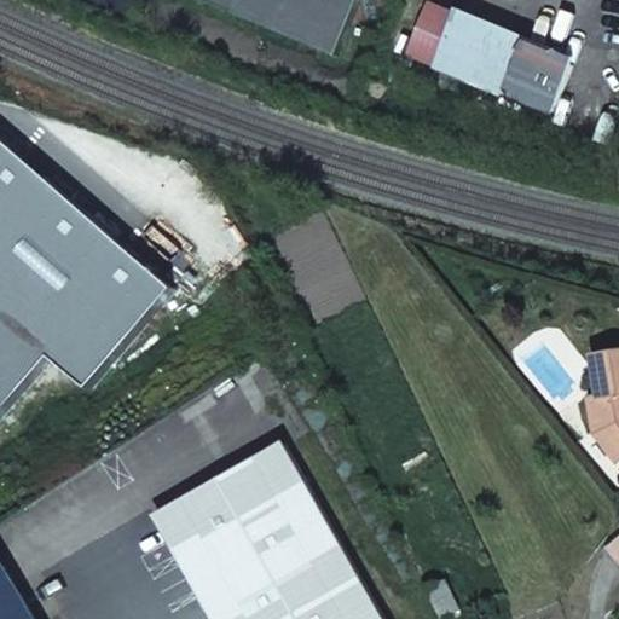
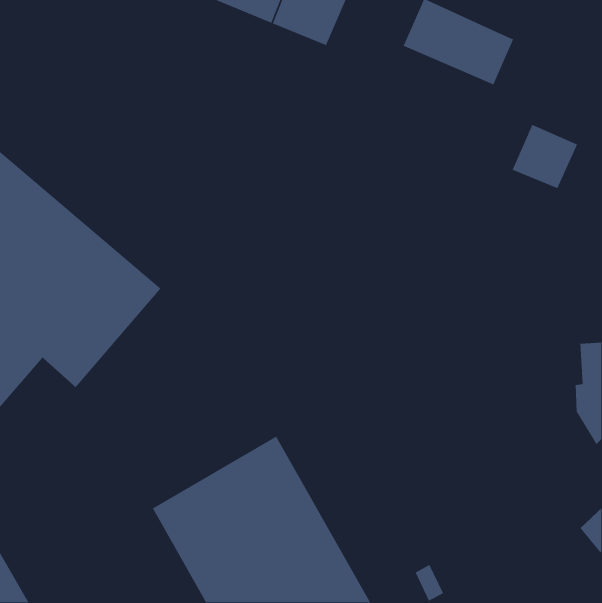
building: [503,40,571,106] -> [512,124,578,189]

